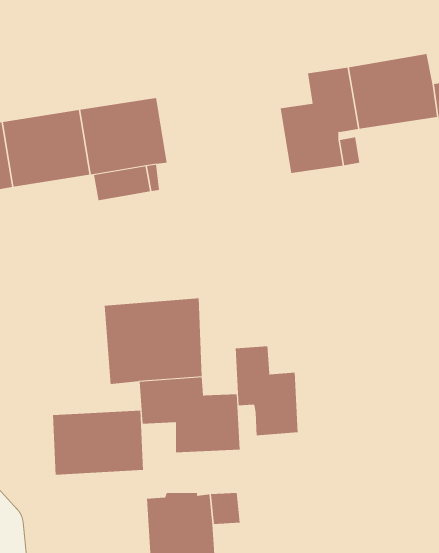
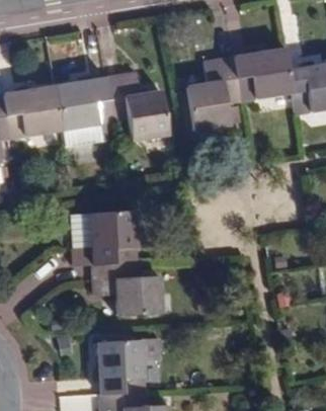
building: none -> [105,72,169,140]
building: [235,346,298,436] -> none
building: [52,410,144,475] -> none

